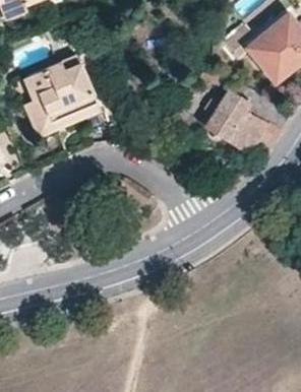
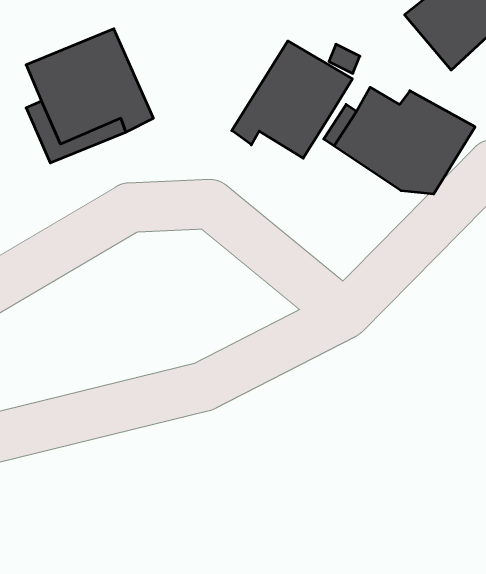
building: none -> [232,41,352,158]

